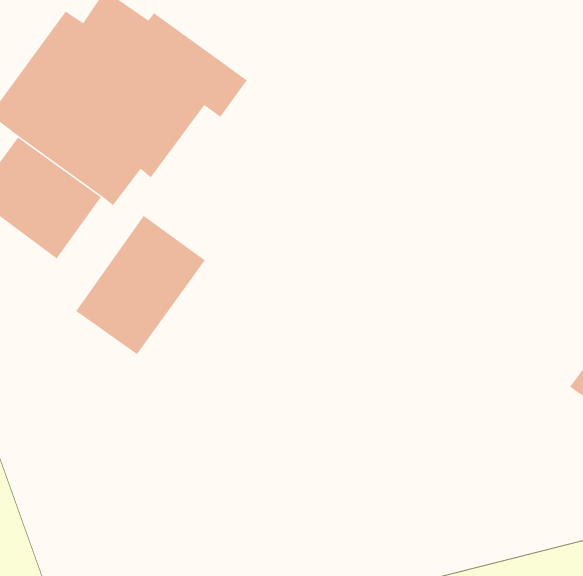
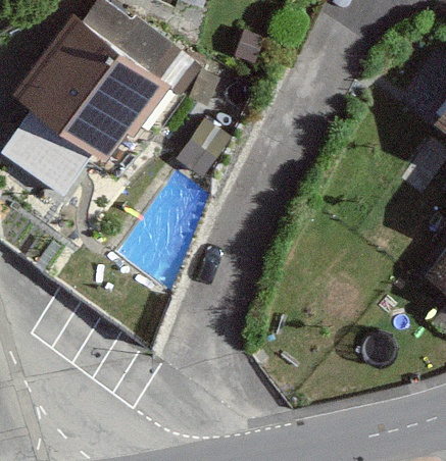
building: [75,215,206,355] -> none

